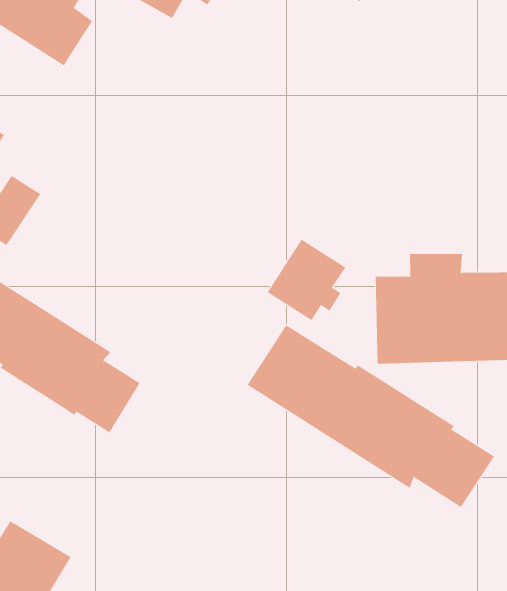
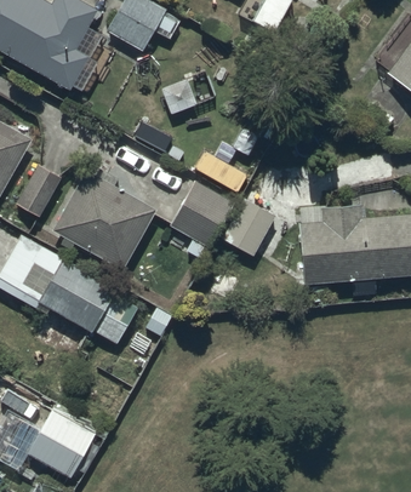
building: none -> [53,172,155,269]
building: none -> [169,183,234,262]
building: [247,325,495,508] -> none

